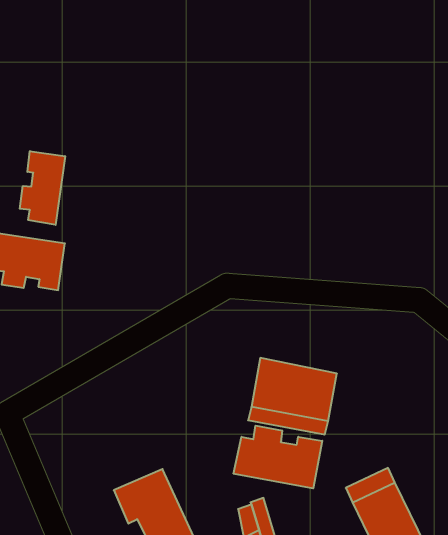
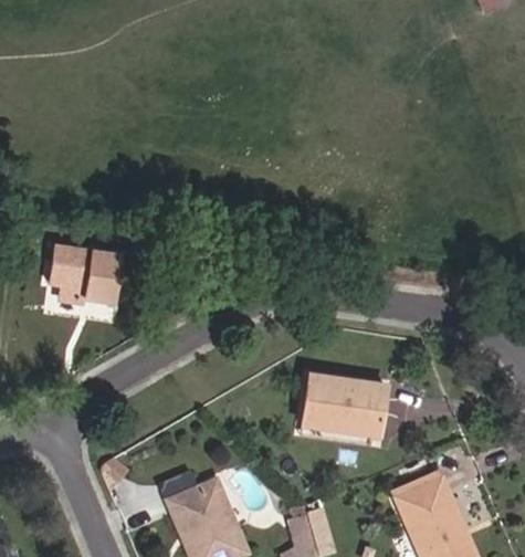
building: [20,151,65,225] -> none
building: [234,426,322,488] -> none

